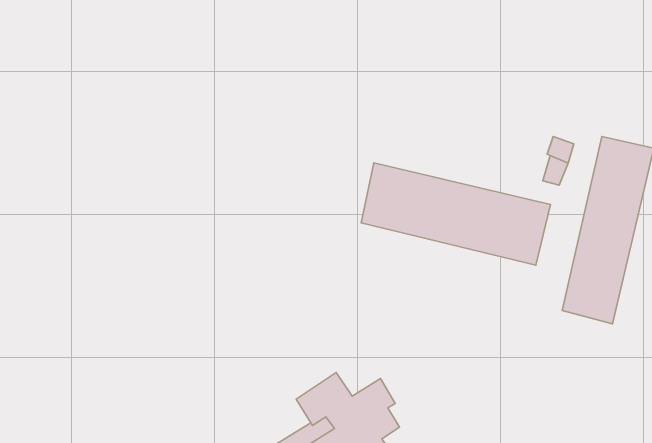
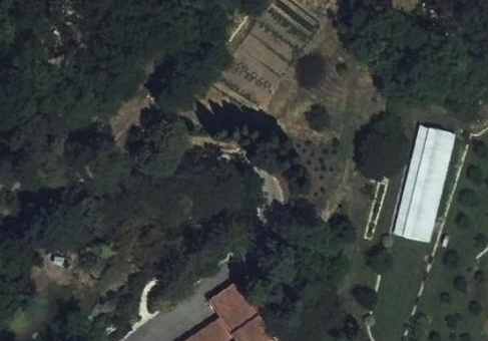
building: [361,163,550,265] -> none

